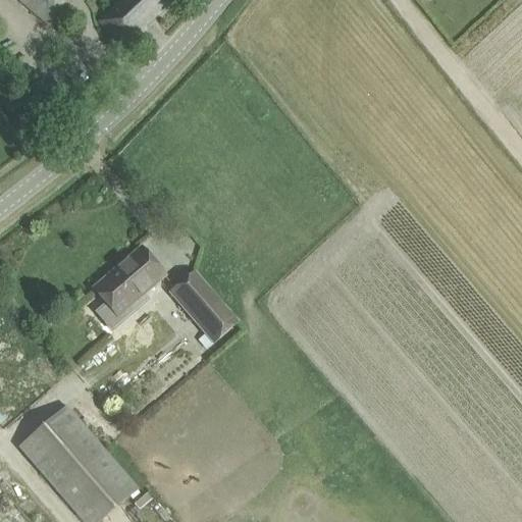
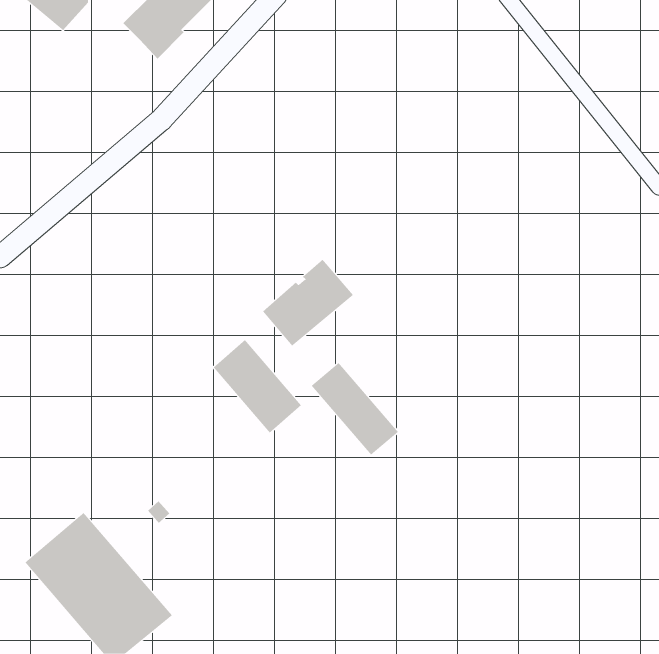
building: [93,245,165,314] -> [262,259,354,346]
building: none -> [311,362,399,455]

